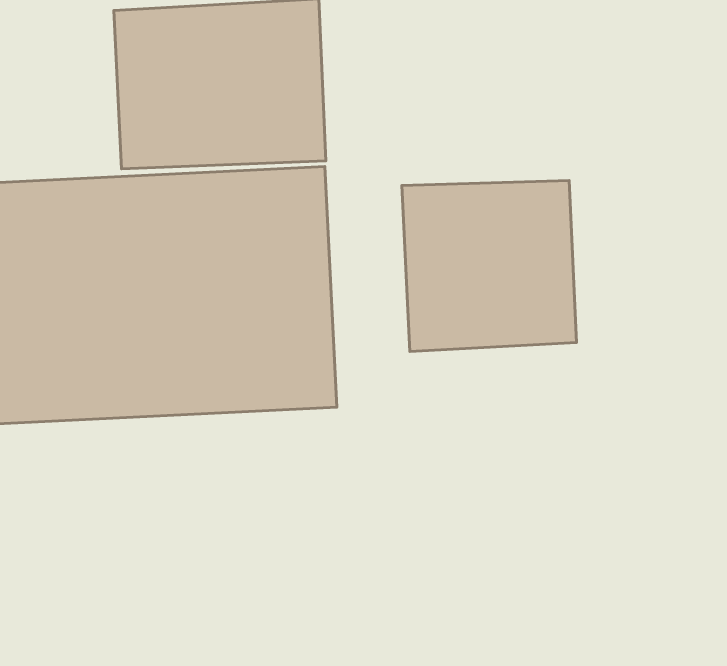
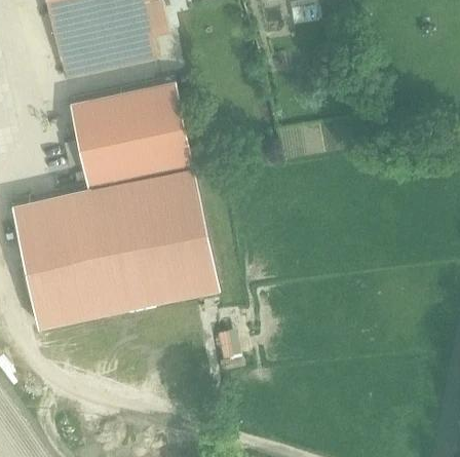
building: [402,181,576,351] -> none

